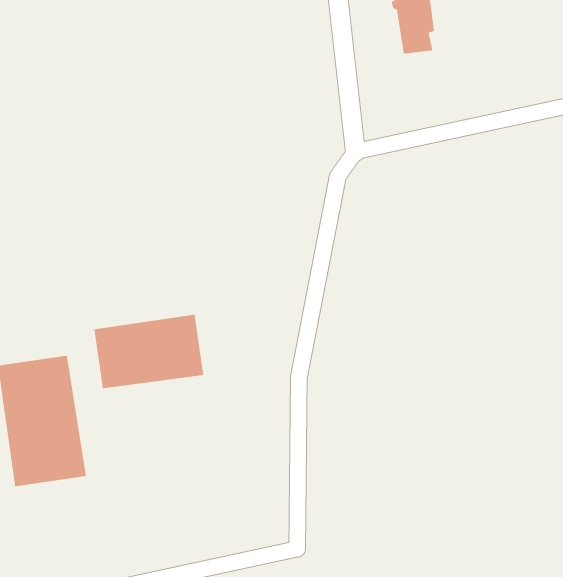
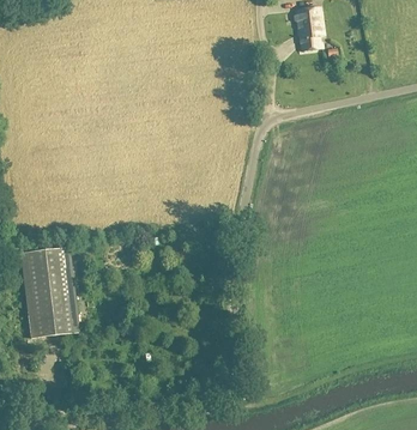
building: [94,314,204,389] -> none

